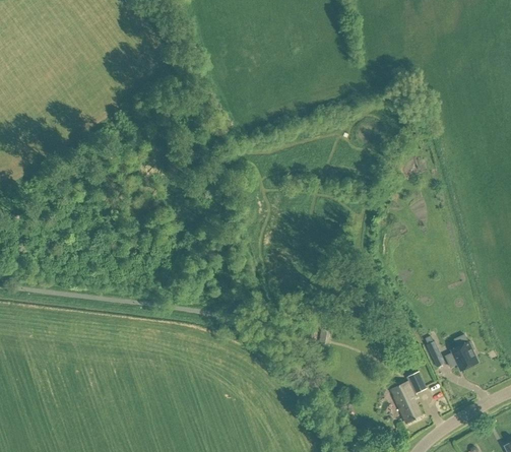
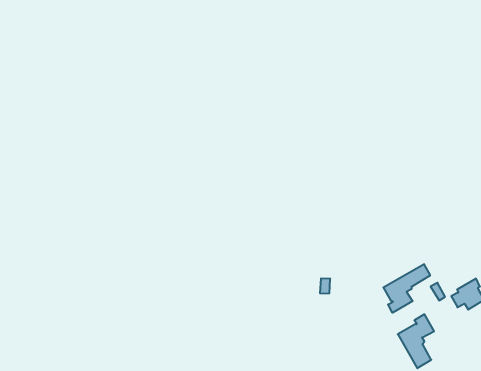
building: none -> [383,264,430,313]

